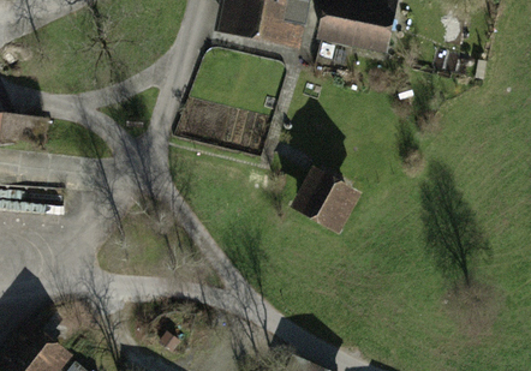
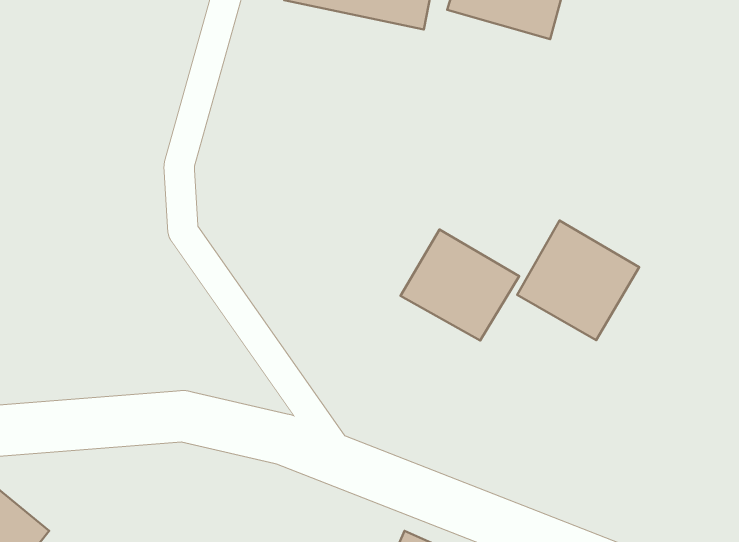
building: none -> [517,220,639,340]

